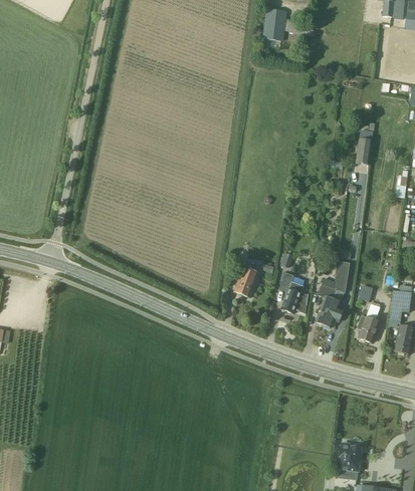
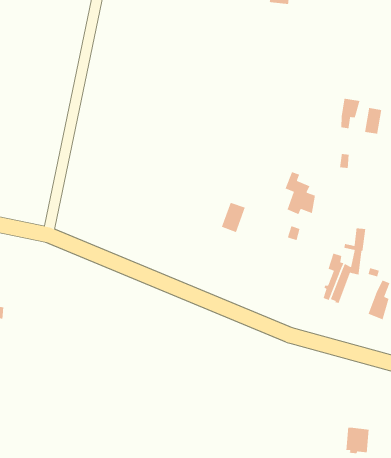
building: none -> [340,98,360,129]
building: [235,266,259,296] -> [221,202,246,233]
building: [279,271,309,313] -> [284,171,316,215]

